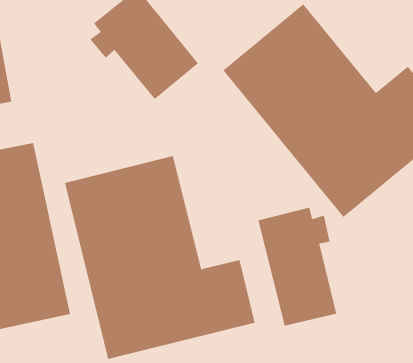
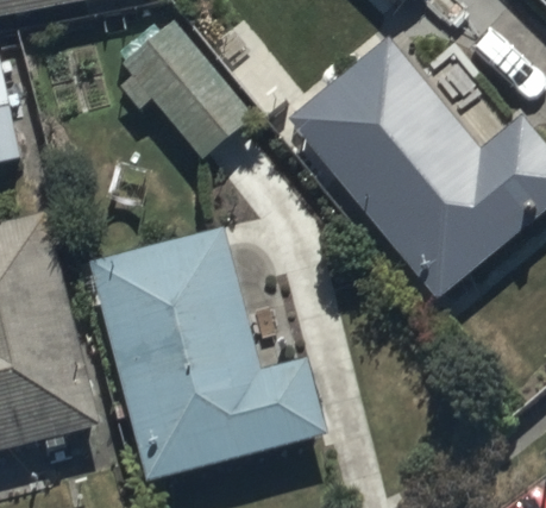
building: [258,207,337,327] -> none

